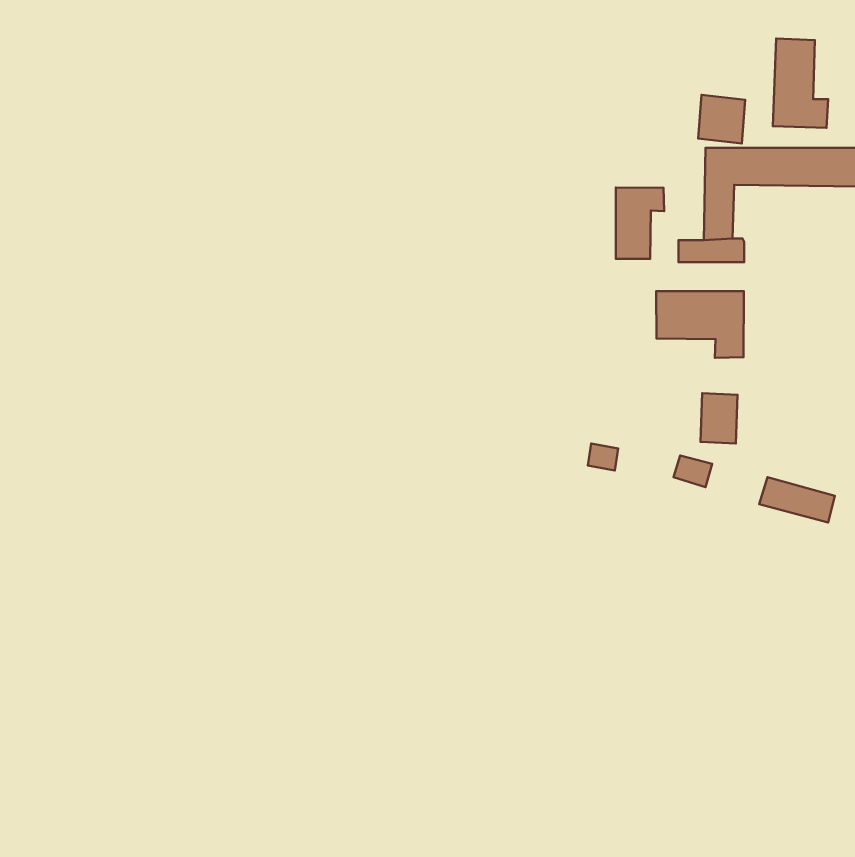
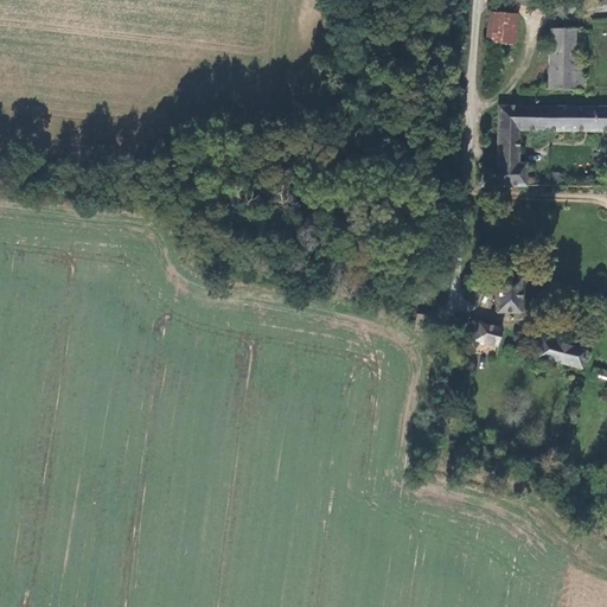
building: [698,95,745,143] -> [487,9,520,44]
building: [616,187,664,259] -> none
building: [656,291,744,358] -> none

